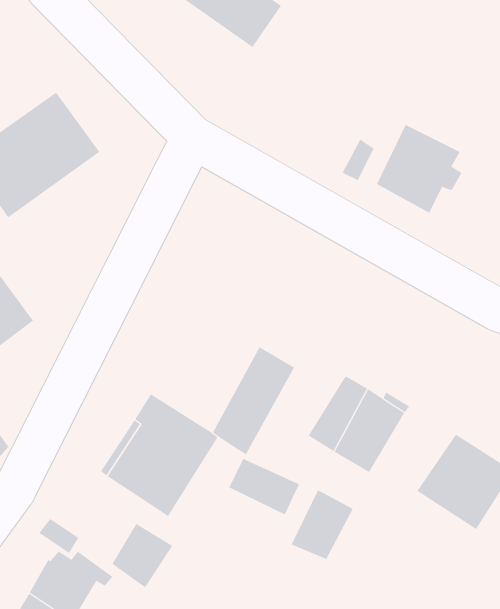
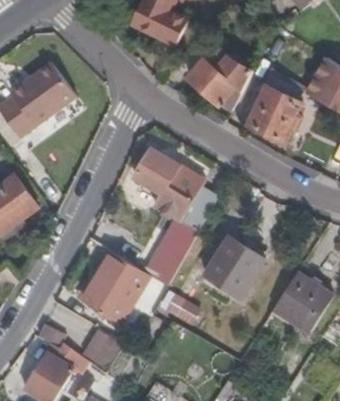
building: none -> [176,43,235,99]
building: none -> [130,148,216,233]
building: [291,489,353,560] -> none

